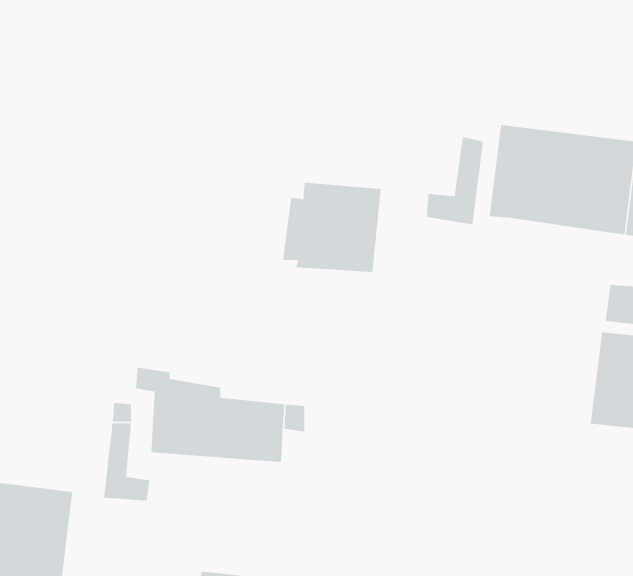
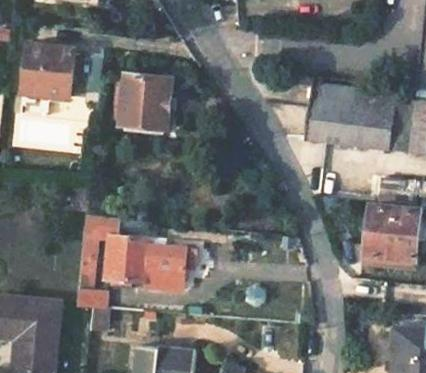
building: none -> [22,44,75,99]
building: [426,136,484,225] -> none
building: [282,182,381,273] -> [112,74,171,128]

